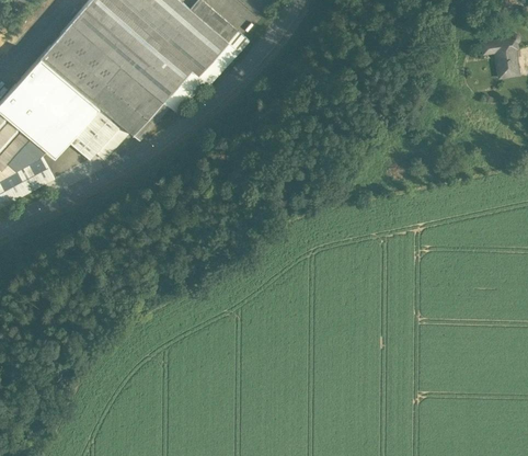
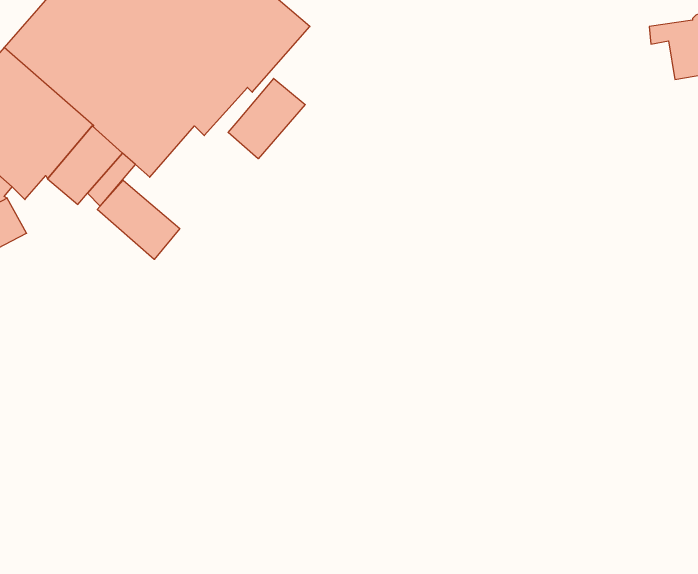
building: none -> [228,78,305,159]
building: none -> [97,180,180,259]

